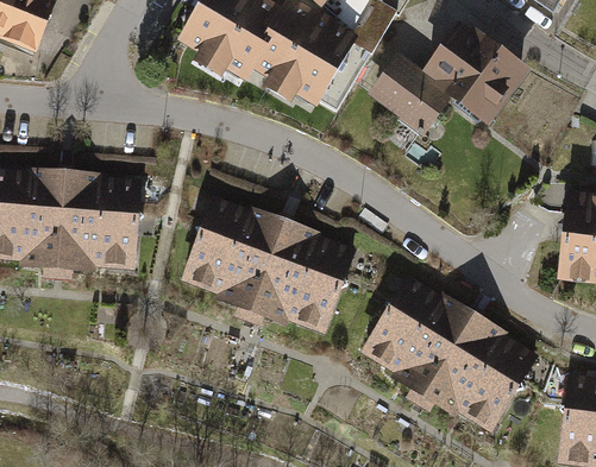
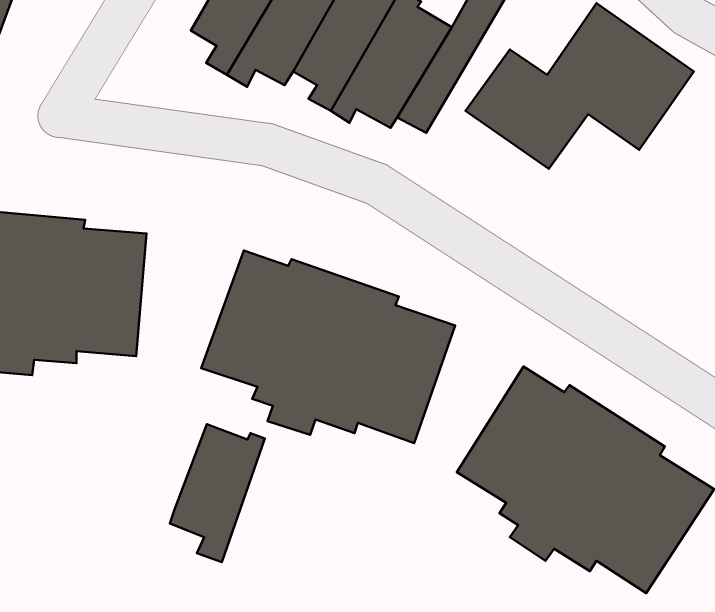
building: none -> [170,424,265,562]

